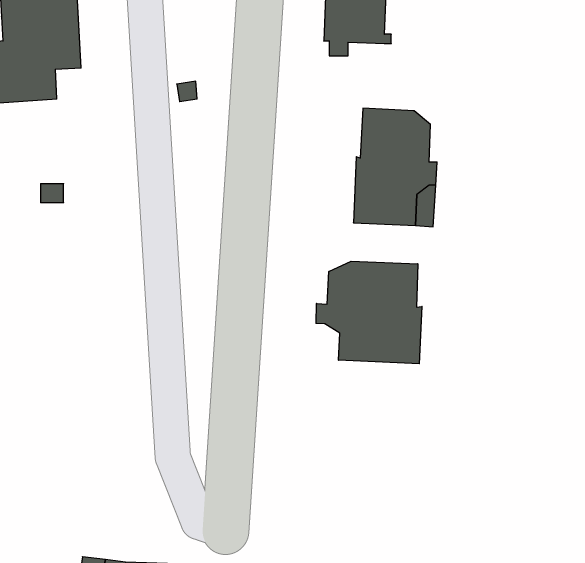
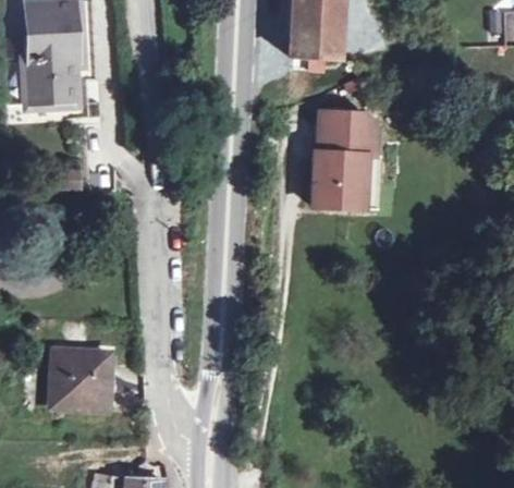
building: [316,261,422,364] -> none
building: none -> [49,351,108,411]

